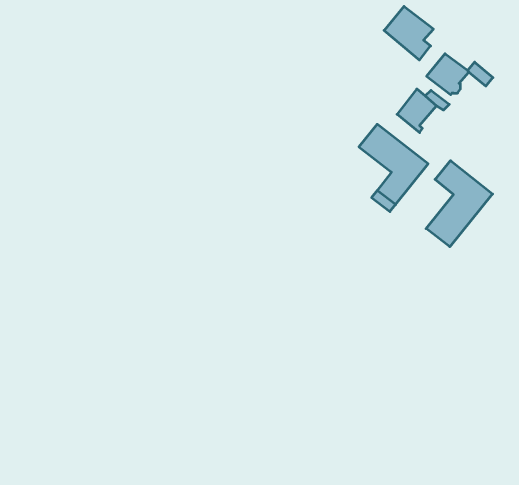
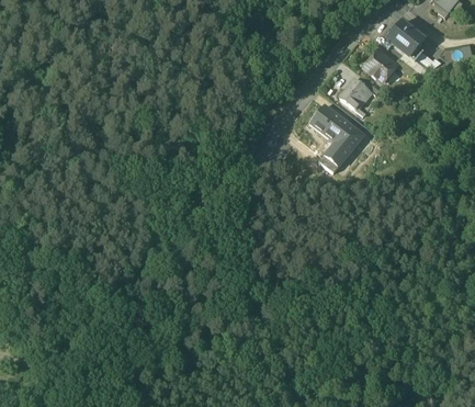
building: [384,6,433,60] -> [386,19,425,60]
building: [426,161,493,247] -> none

